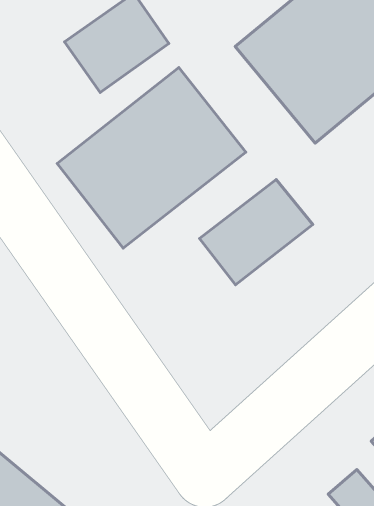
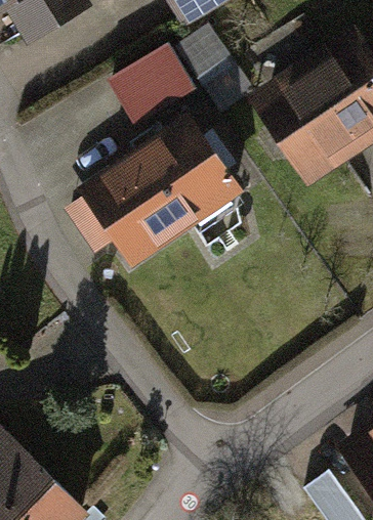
building: [200,179,313,285] -> none

